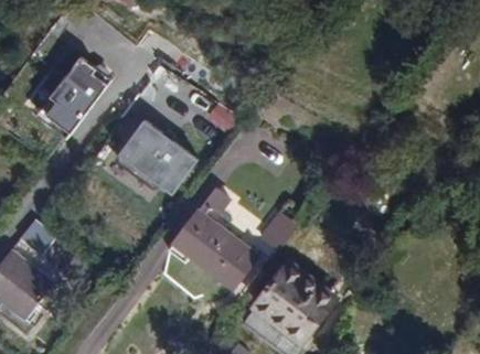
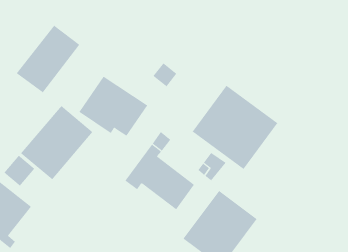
building: none -> [192,85,278,170]
building: none -> [20,105,93,180]

